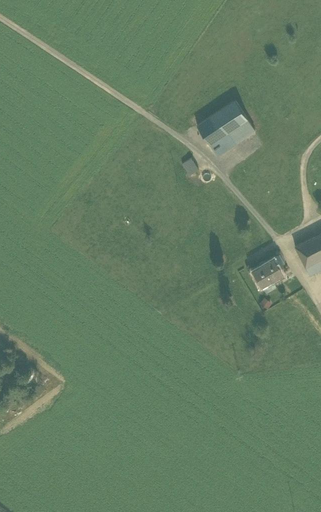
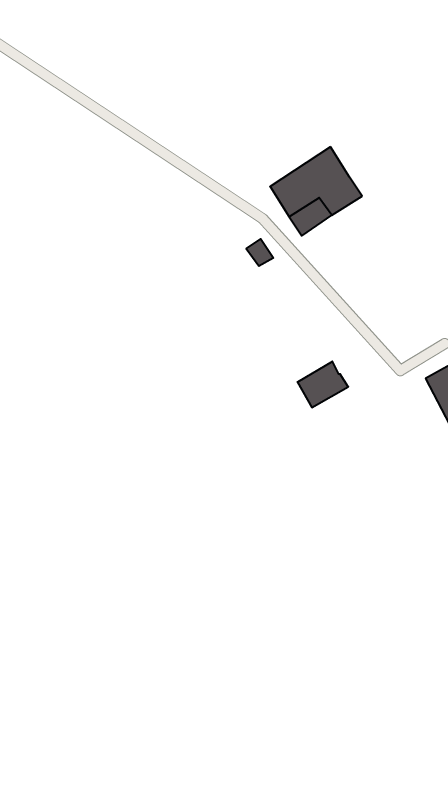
building: [251,257,283,286] -> [297,361,348,407]

